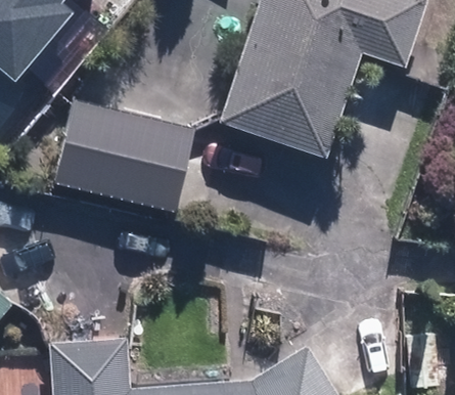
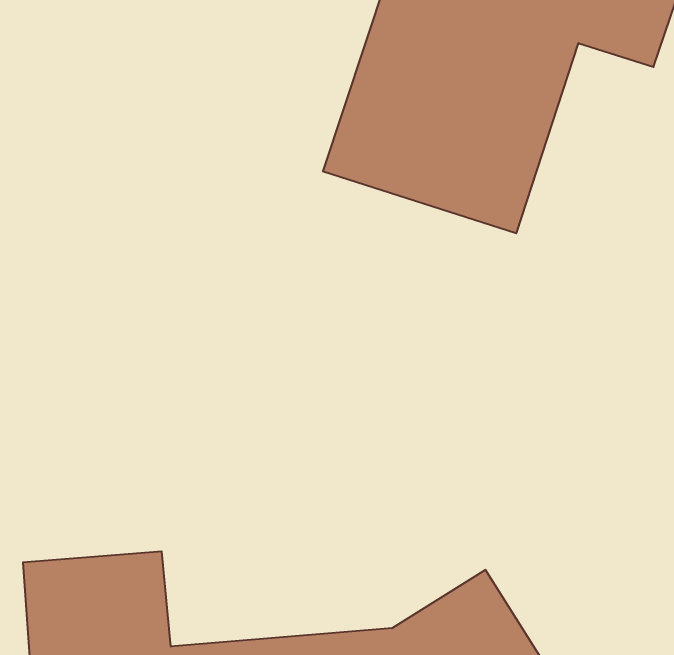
building: [57,101,197,212] -> none

